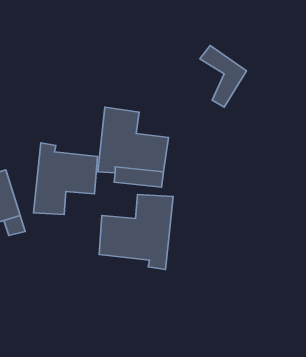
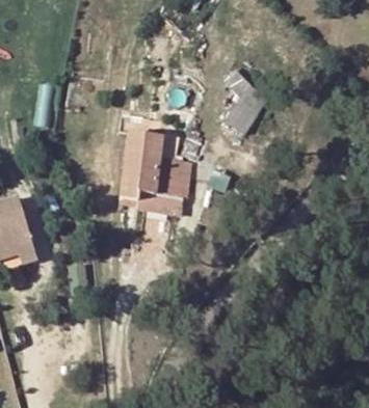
building: [33,143,97,215] -> none
building: [99,194,173,270] -> none

